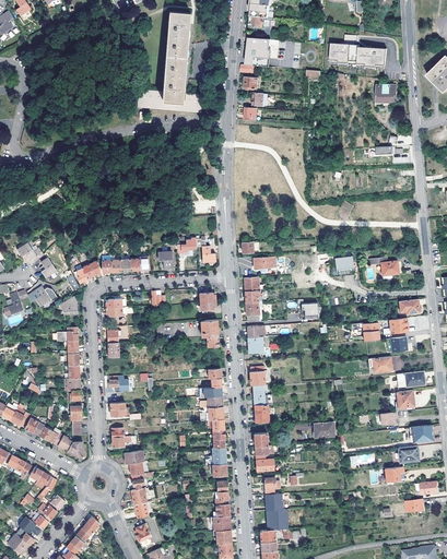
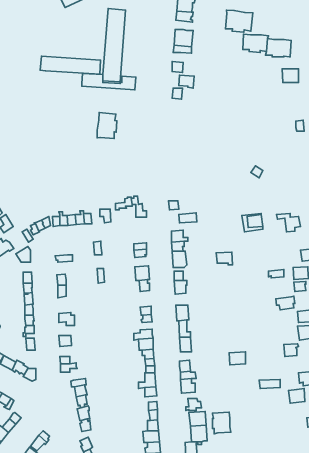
building: none -> [225,10,253,32]
building: none -> [40,56,101,74]
building: none -> [97,113,117,138]
building: none -> [212,412,231,434]

